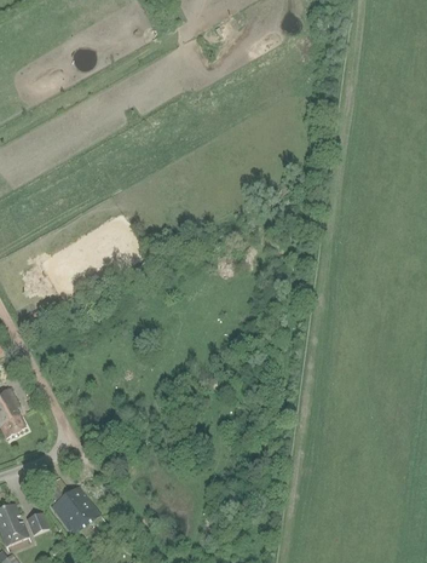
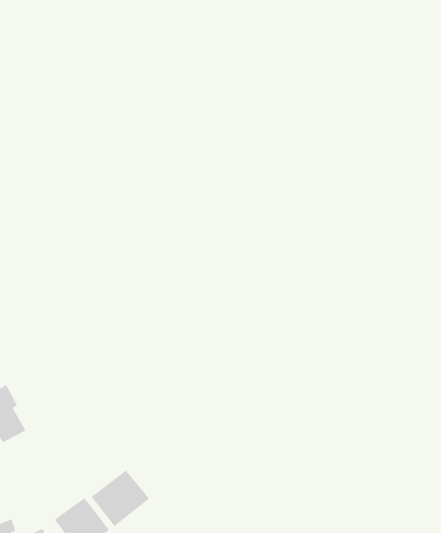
building: none -> [91,470,150,527]

